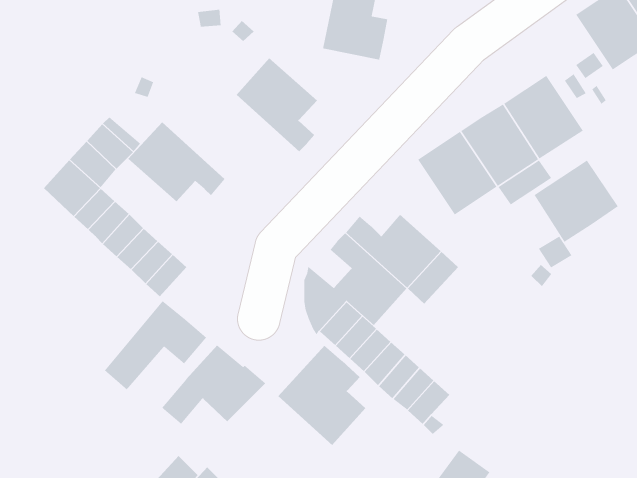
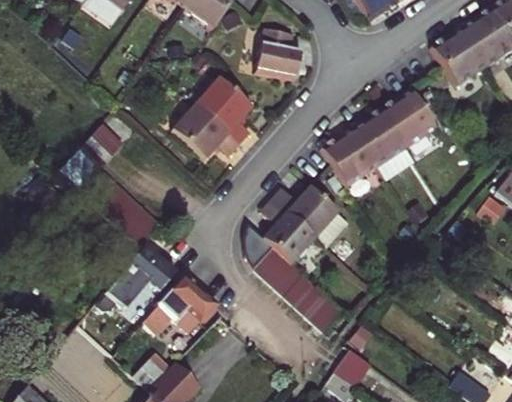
building: [128,122,225,202] -> [172,103,240,159]
building: [533,160,619,243] -> none
building: [277,345,366,446] -> none

